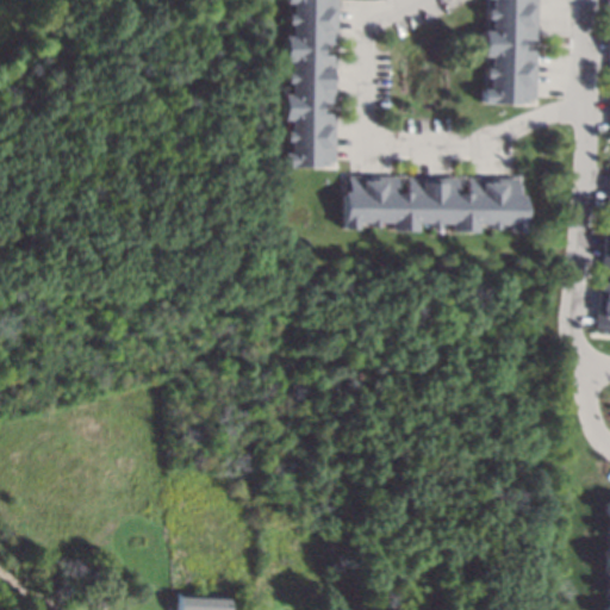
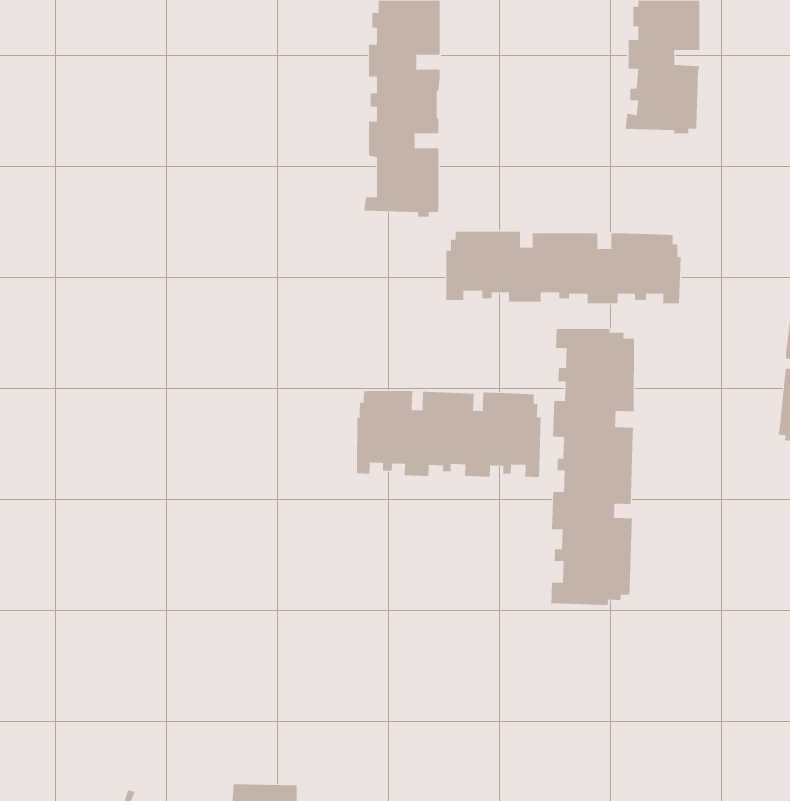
building: none -> [551,328,635,606]
building: none -> [356,390,541,478]

